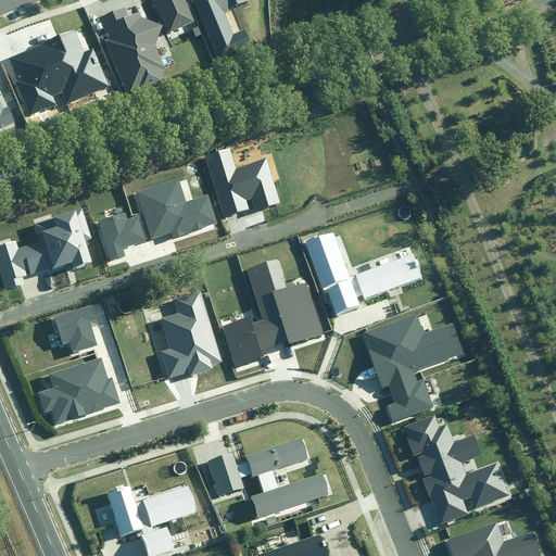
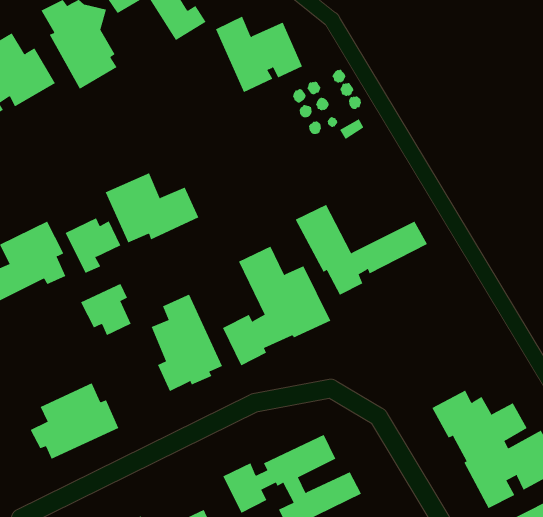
building: [203,149,277,218] -> [215,16,303,93]
building: [53,306,97,352] -> [80,283,132,336]
building: [362,315,465,422] -> none

